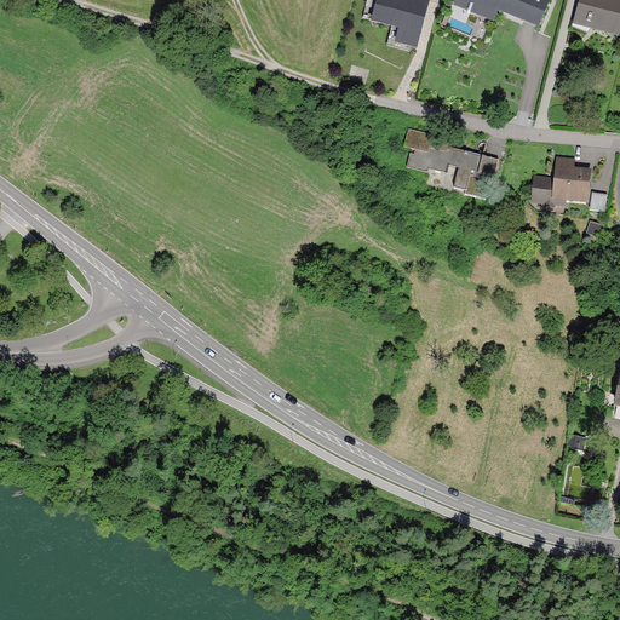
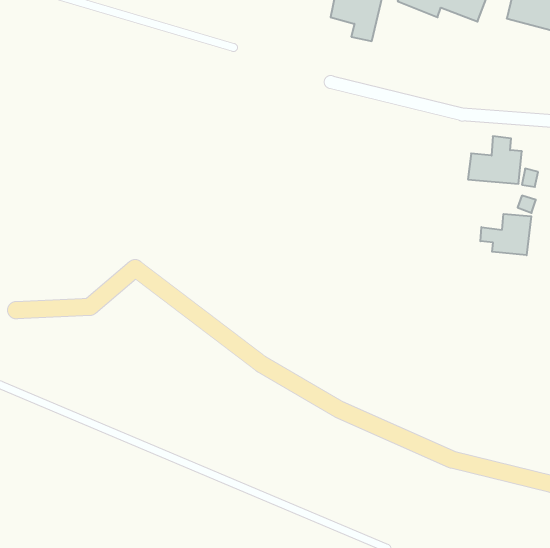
building: [407,142,498,200] -> none
building: none -> [480,214,531,255]

